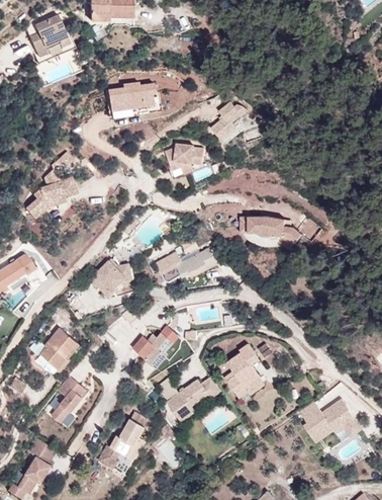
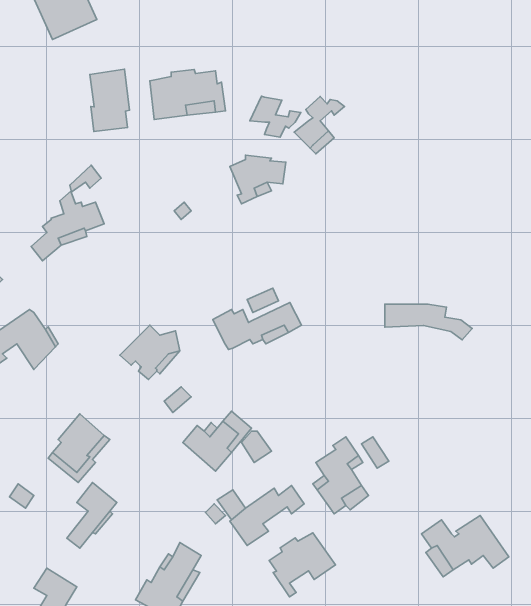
building: none -> [90,69,130,131]
building: none -> [250,96,301,137]
building: [241,217,302,242] -> [385,304,472,340]
building: none -> [269,533,336,597]

